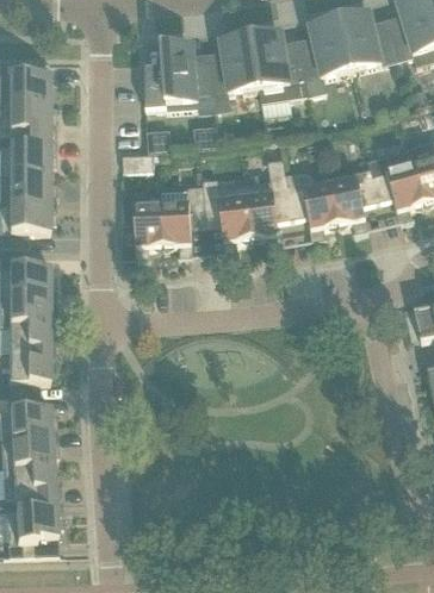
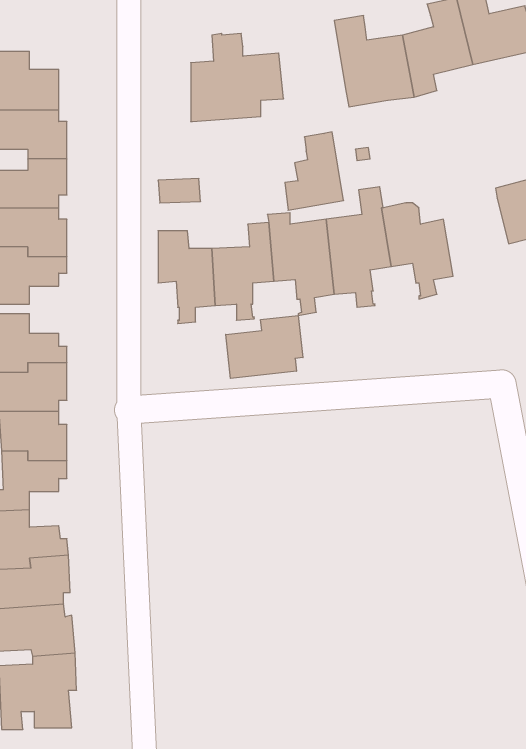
building: [217,33,260,90] -> [285,132,344,210]
building: [331,163,379,229] -> none
building: none -> [226,315,303,378]

